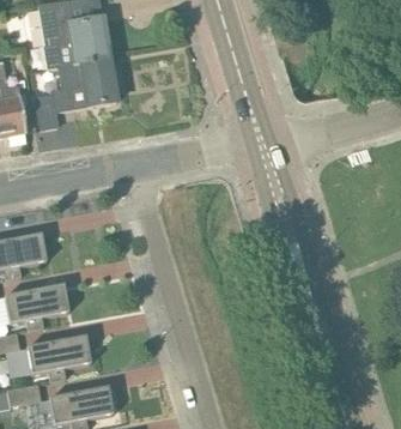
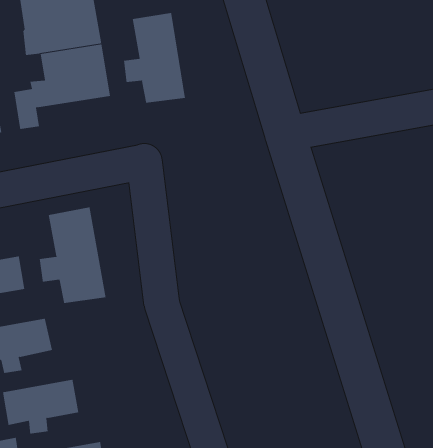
building: none -> [123,12,185,103]
building: none -> [39,207,106,304]

